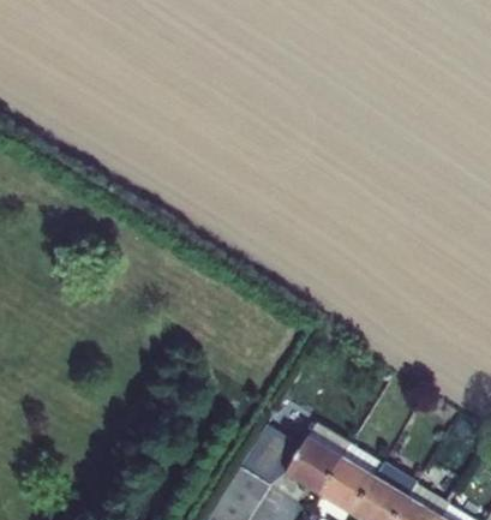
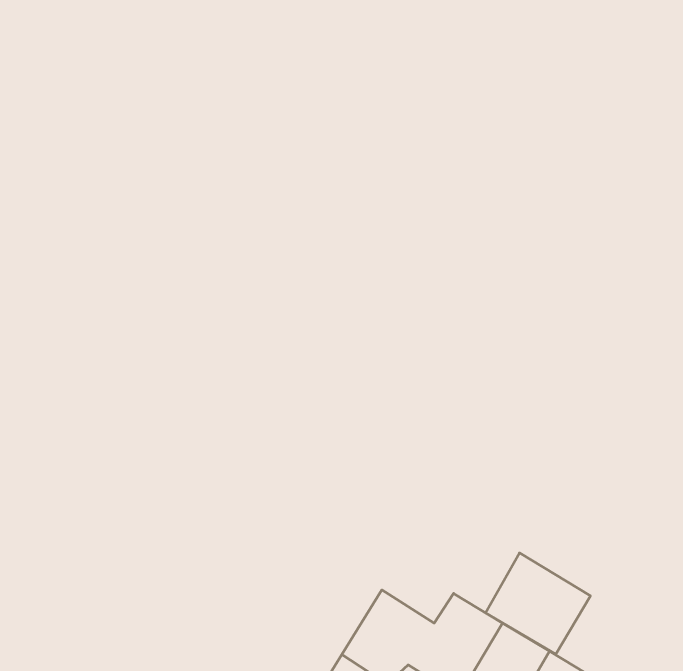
building: none -> [486,553,590,654]

